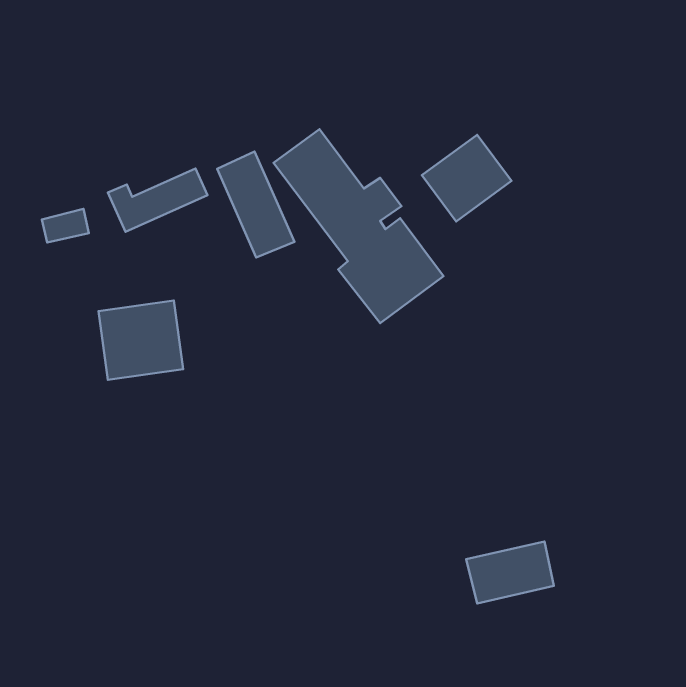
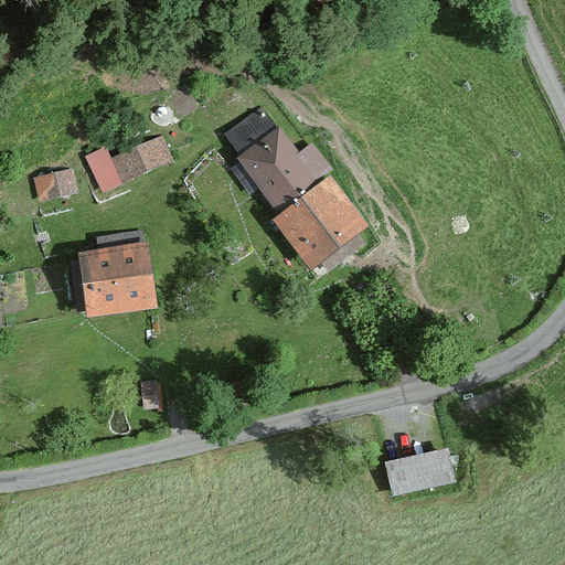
building: [422,135,512,221] -> none
building: [217,151,294,258] -> none

